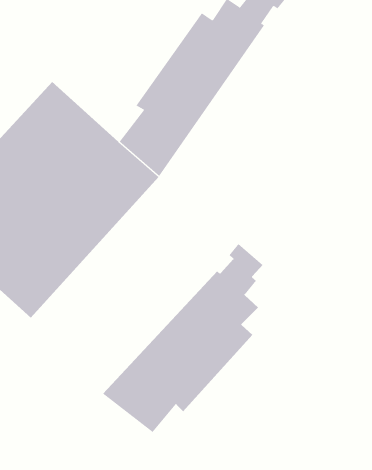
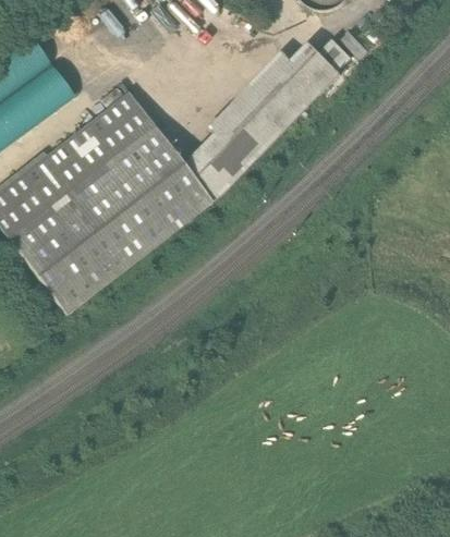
building: [102,243,263,433] -> none

